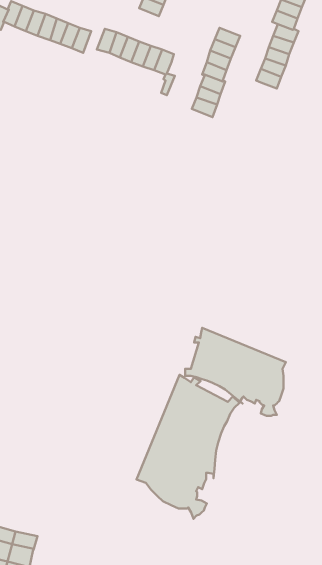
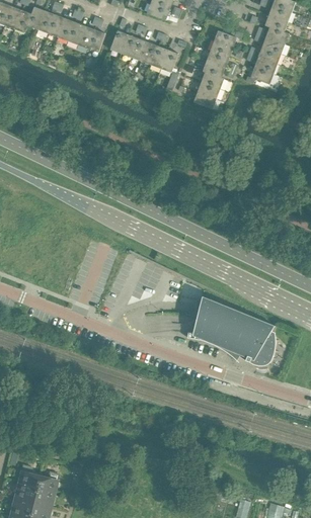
building: [136,375,239,519] -> none

